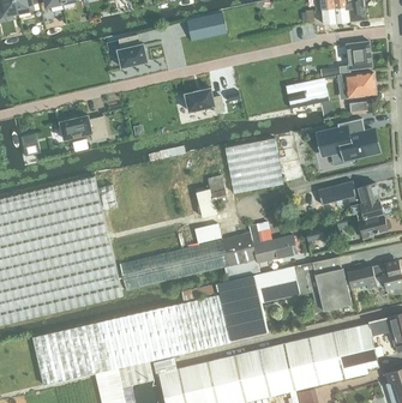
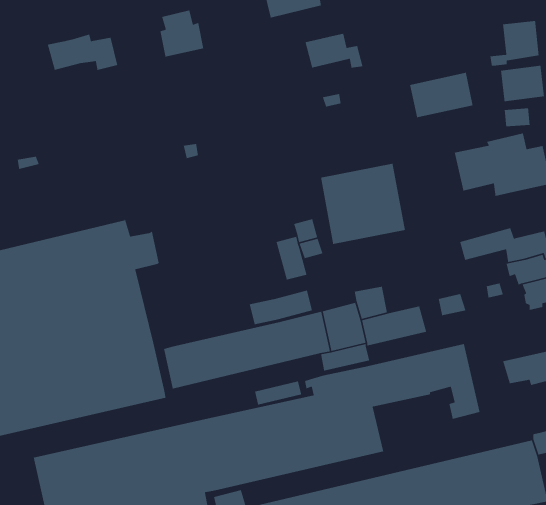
building: [184,88,223,112] -> [304,33,363,68]
building: [59,114,107,139] -> [47,33,118,71]
building: [322,255,352,306] -> none

